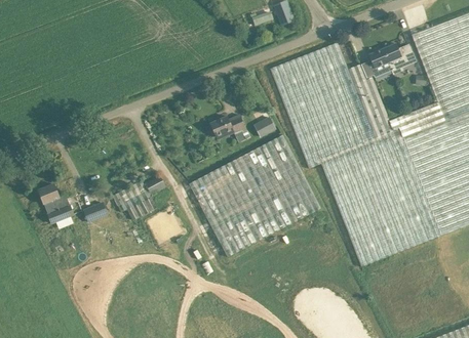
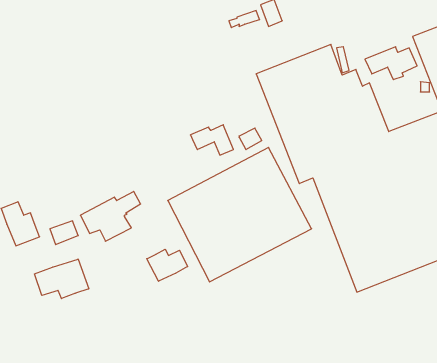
building: none -> [147,249,188,281]
building: none -> [35,259,89,299]

